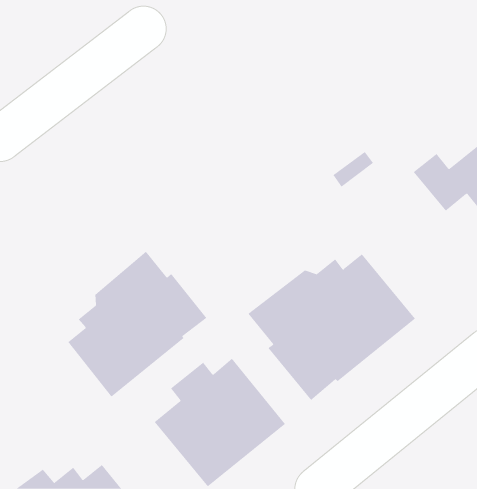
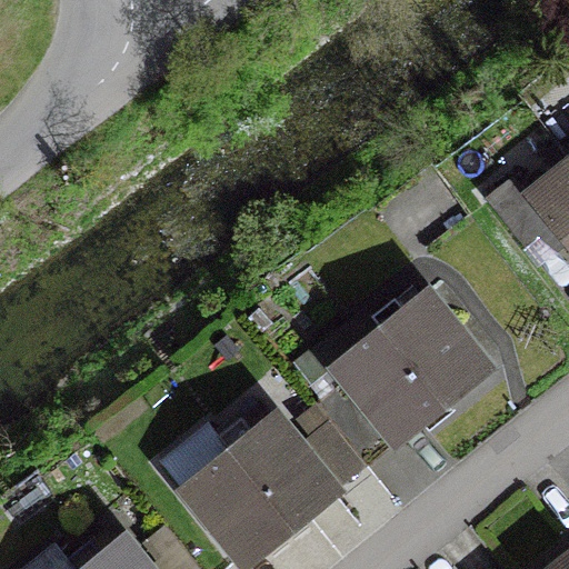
building: [67,251,207,398] -> none

